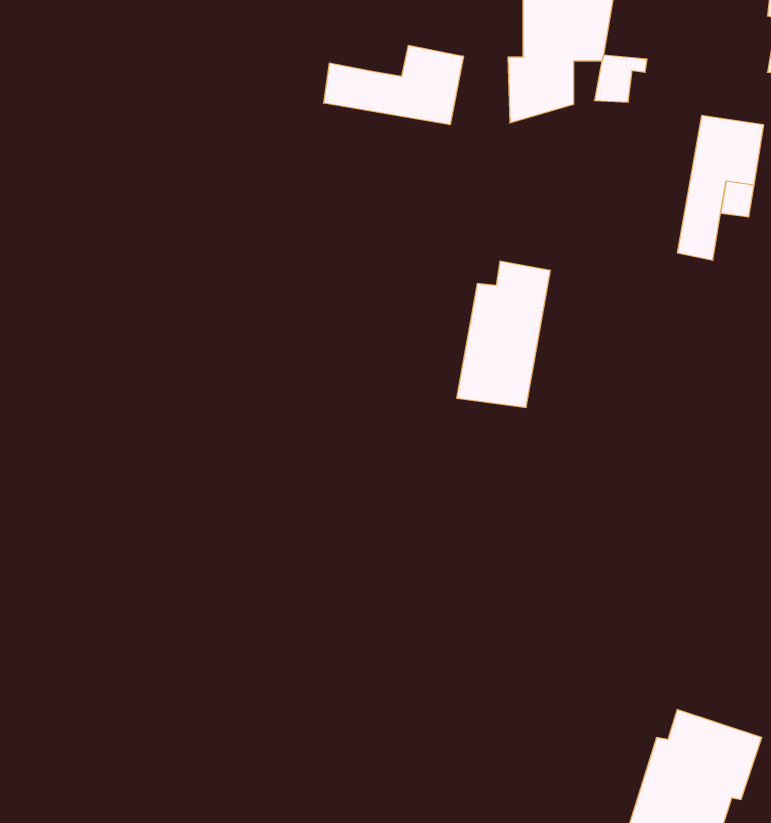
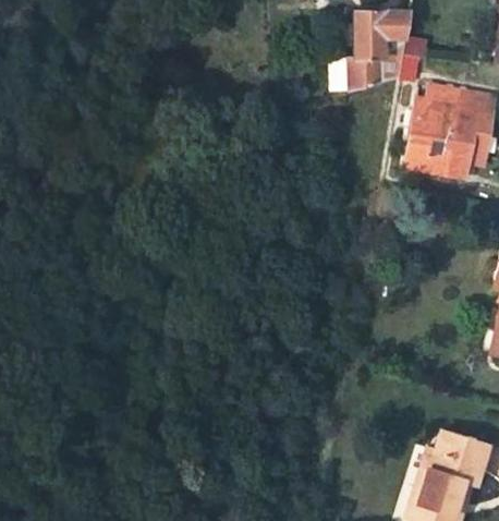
building: [324,45,463,125] -> none
building: [457,261,551,408] -> [402,83,457,168]

